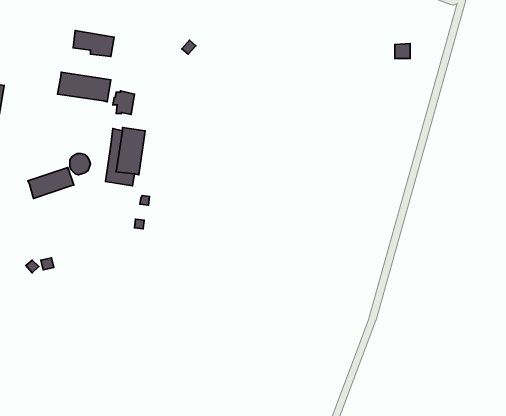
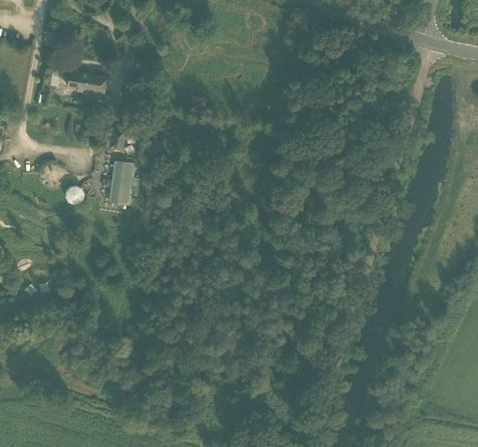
building: [58,72,111,102] -> none
building: [28,168,74,199] -> none

